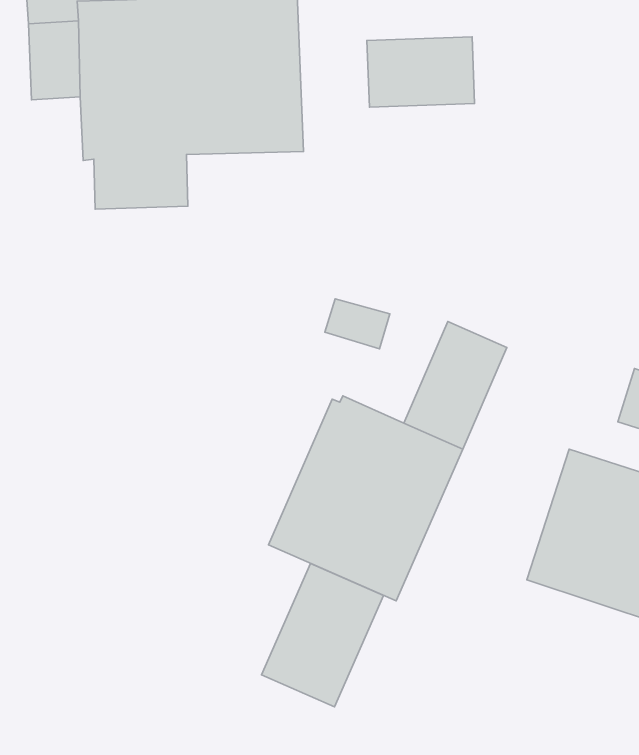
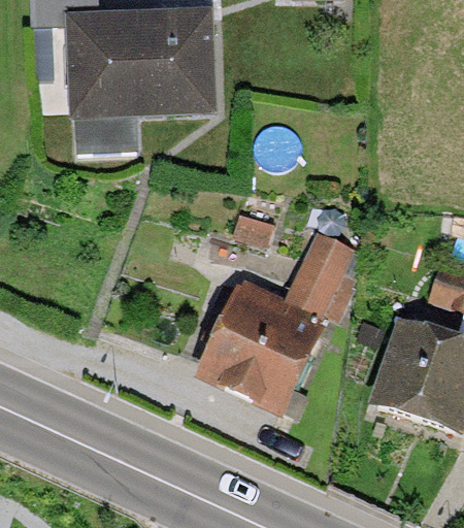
building: [367,37,475,107] -> none
building: [261,564,383,707] -> none

